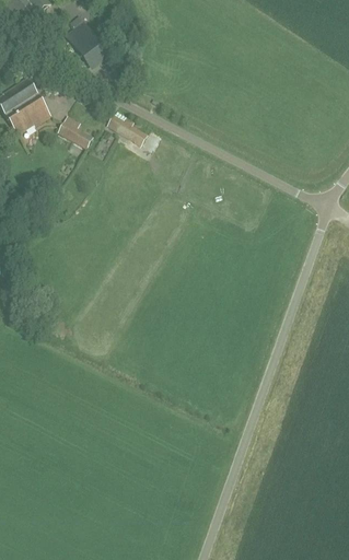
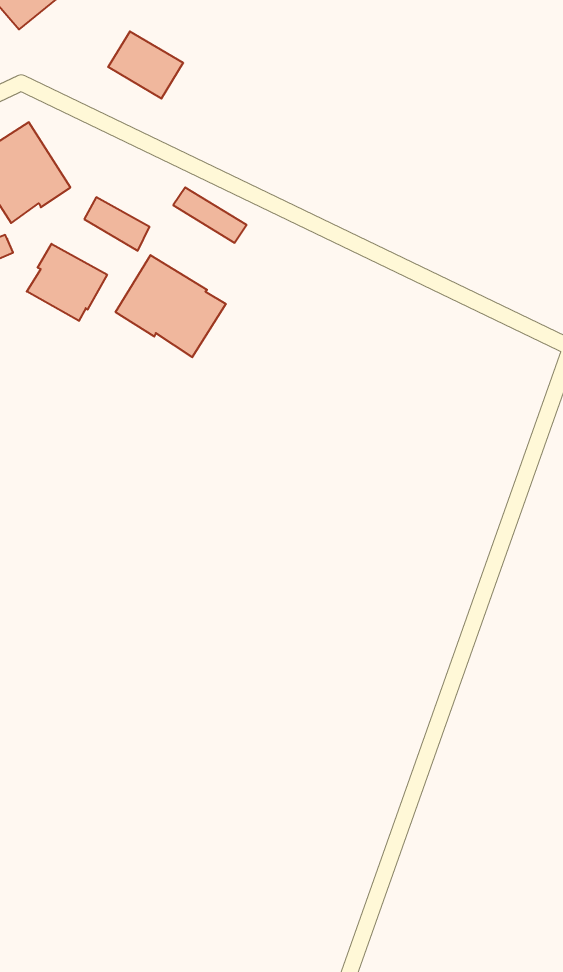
building: none -> [27,244,107,321]
building: none -> [116,255,226,357]

